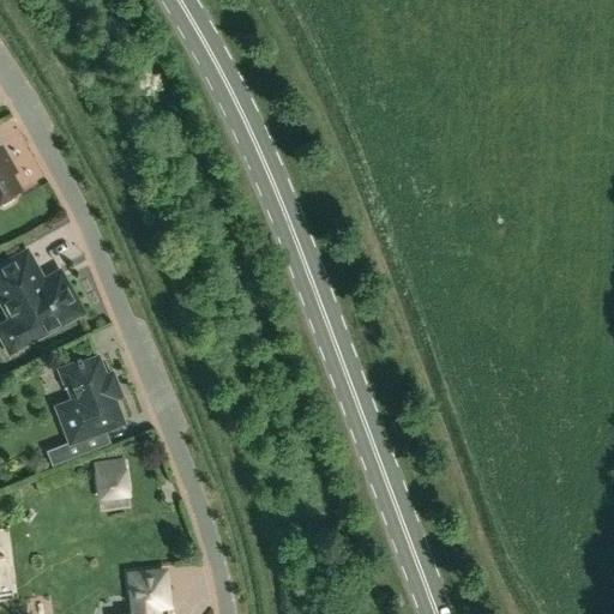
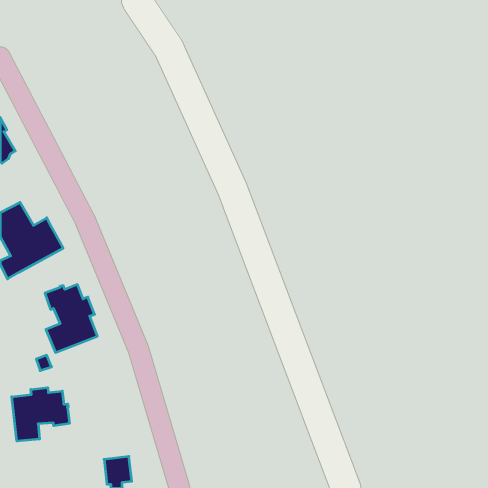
building: [95,458,132,499] -> none
building: none -> [12,388,69,441]

